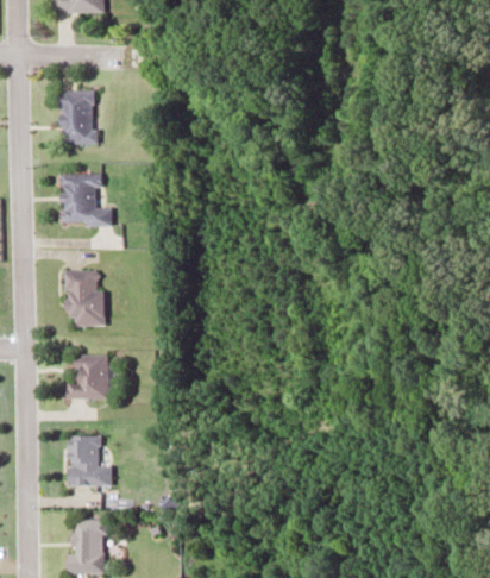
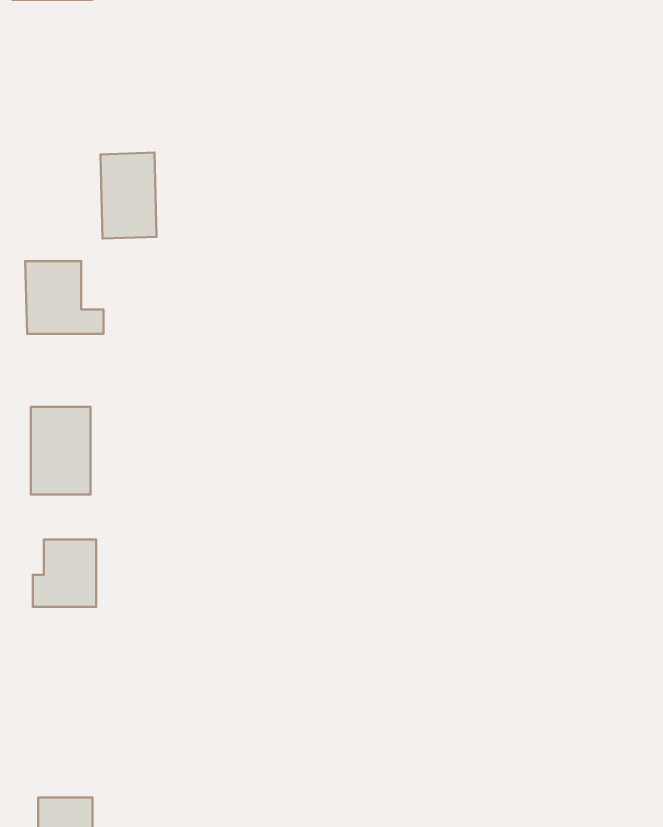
building: [61,89,96,144] -> [100,153,156,239]
building: [67,434,111,484] -> none

